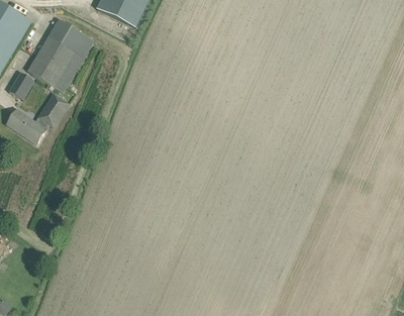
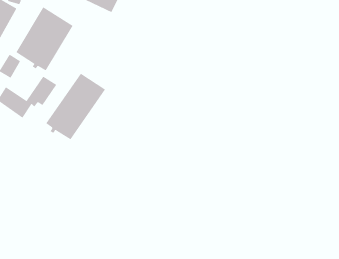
building: none -> [46,73,106,140]

